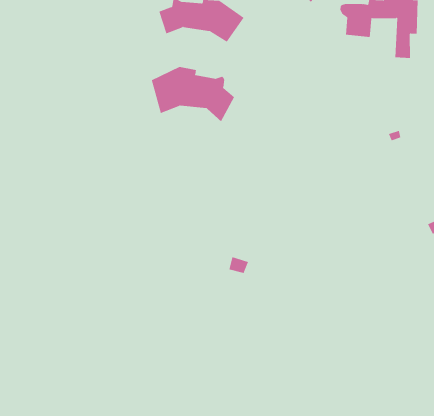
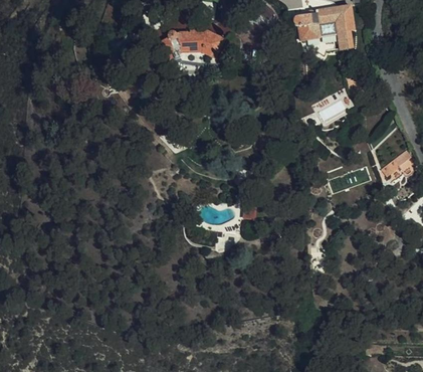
building: [151,66,235,122] -> none

